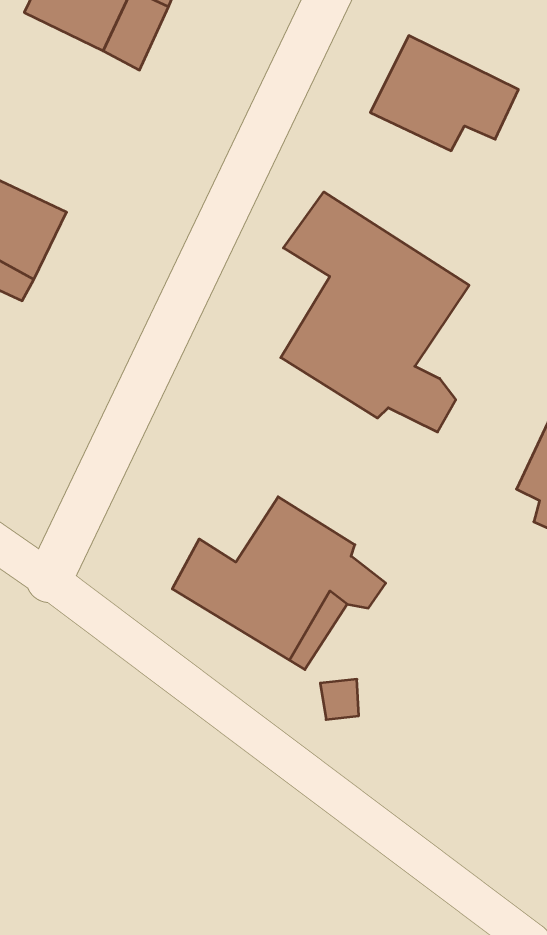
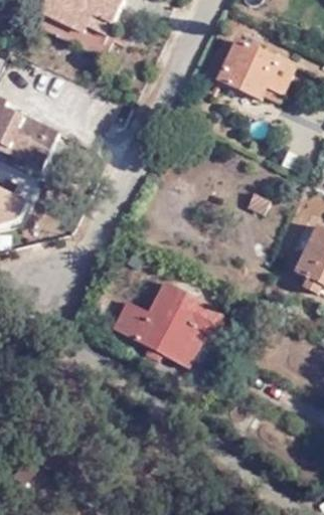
building: [281,192,469,432] -> none

